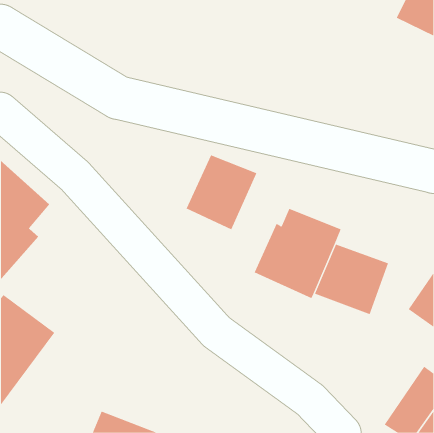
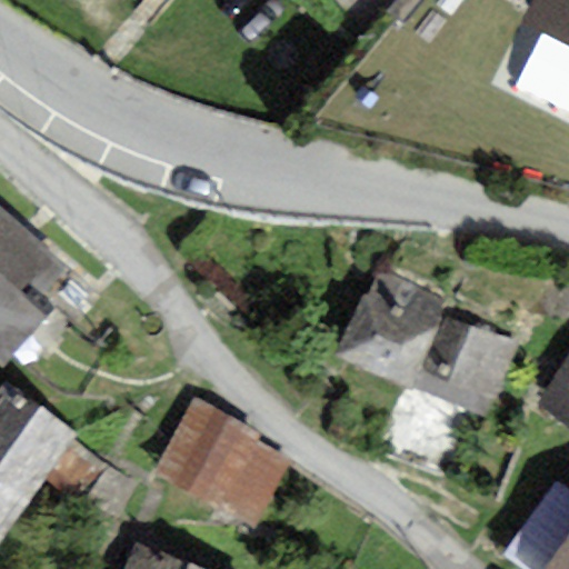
building: [186,154,257,230] -> none
building: none -> [154,397,293,528]

